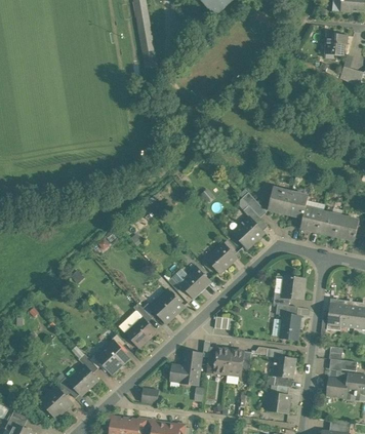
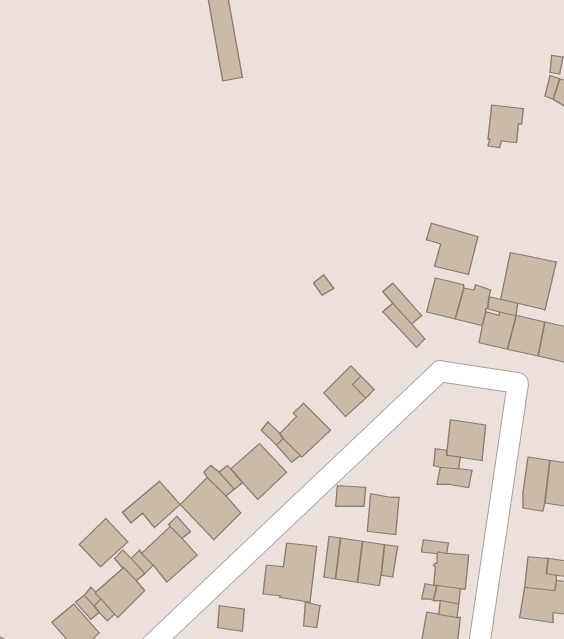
building: [325,33,347,58] -> [488,105,523,148]
building: none -> [427,223,478,275]
building: none -> [501,253,556,310]
building: [232,216,263,248] -> none
building: none -> [122,481,180,528]
building: [280,314,299,339] -> [367,494,399,535]
building: none -> [79,518,128,567]

